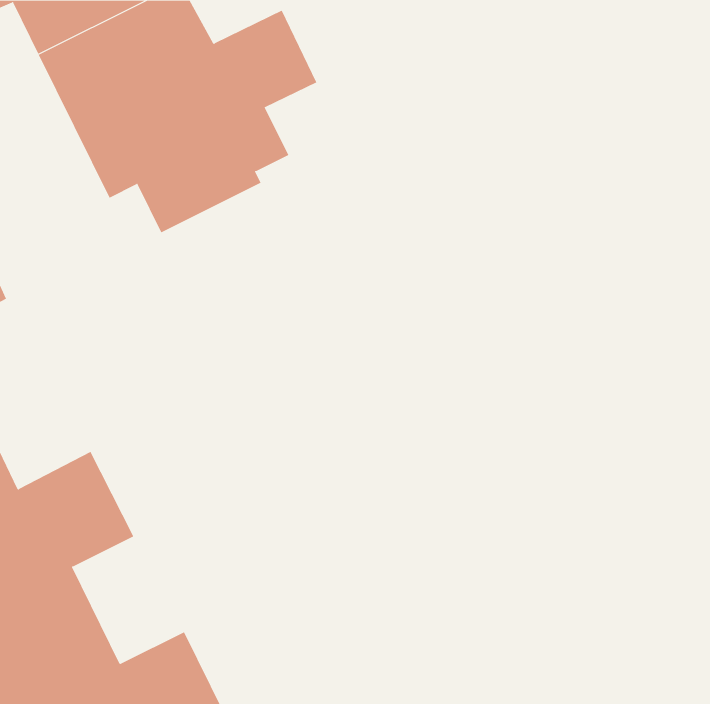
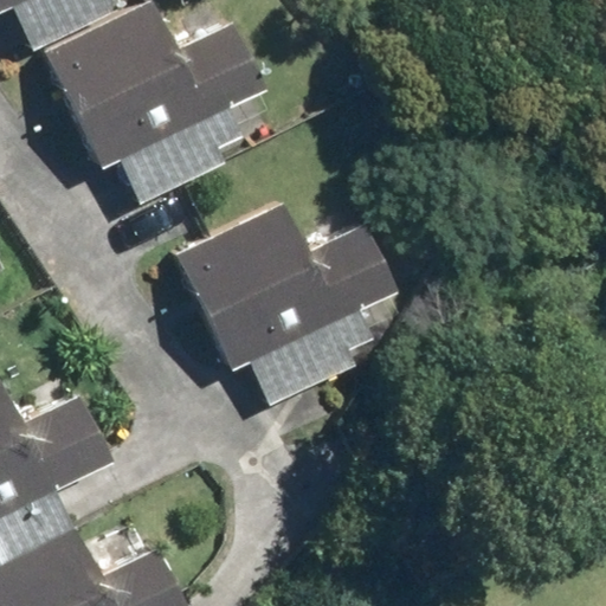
building: none -> [174,205,402,405]

